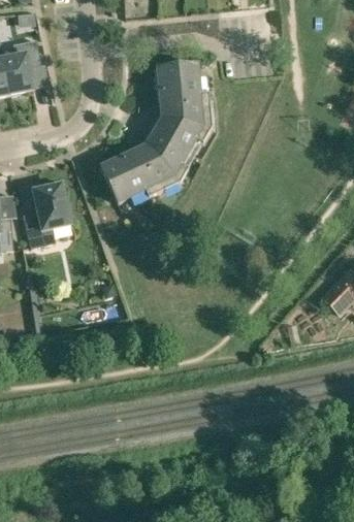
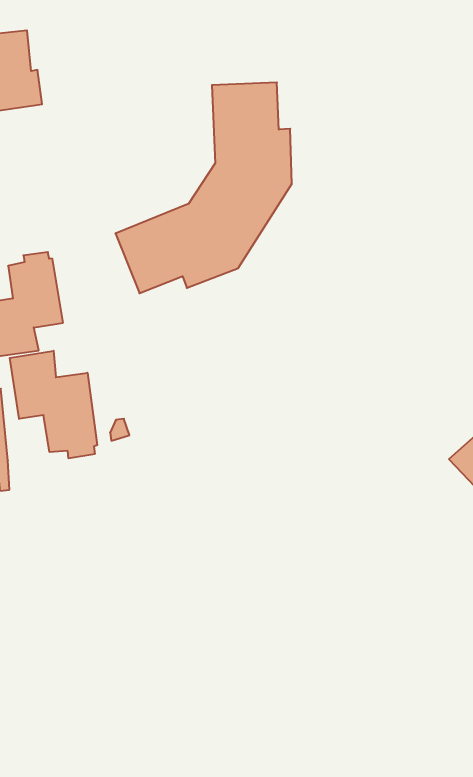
building: none -> [10,351,97,458]

